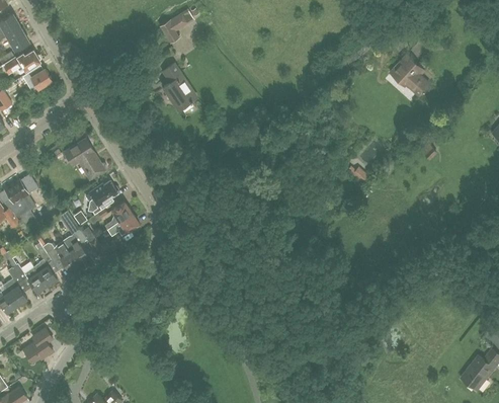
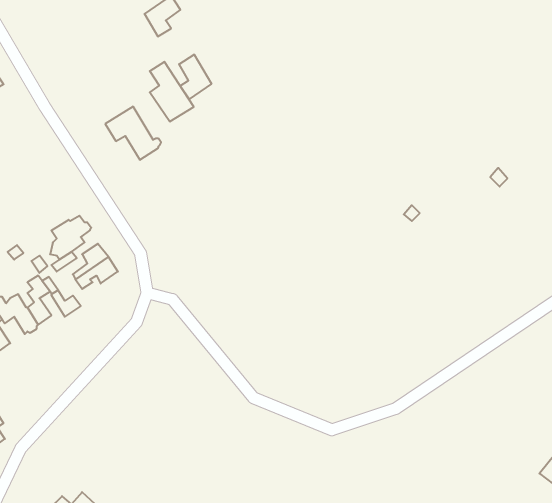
building: [390,55,429,94] -> none
building: none -> [179,54,211,99]
building: [65,139,107,179] -> [105,107,161,160]

